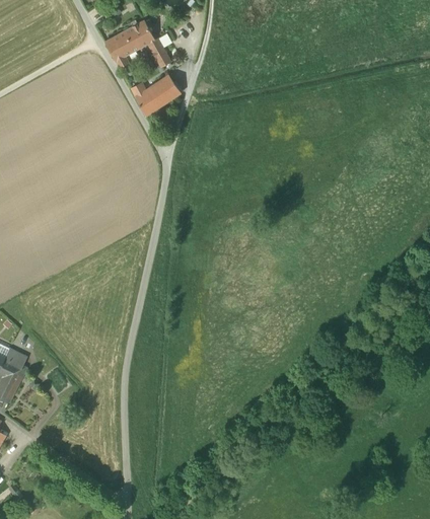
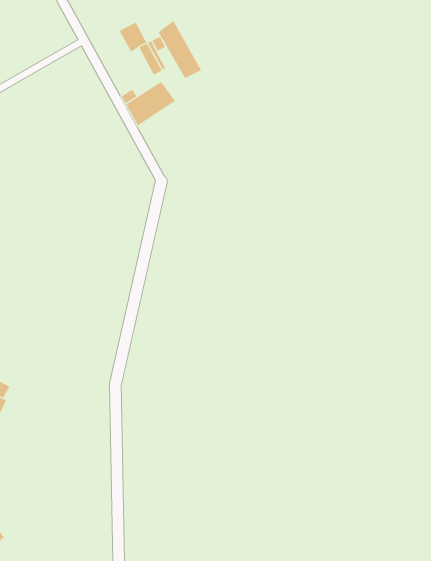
building: none -> [158,20,202,79]
building: [105,28,140,68] -> none

